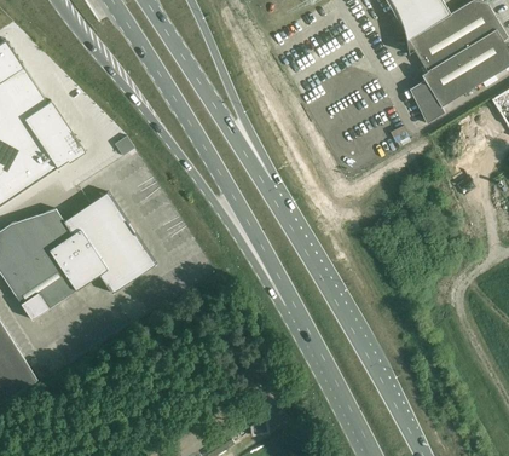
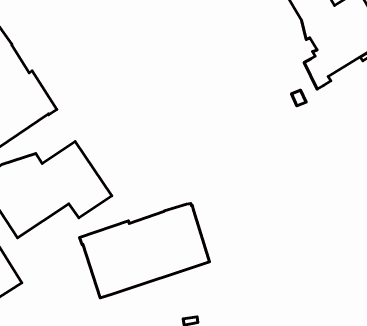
building: none -> [80,203,210,298]

